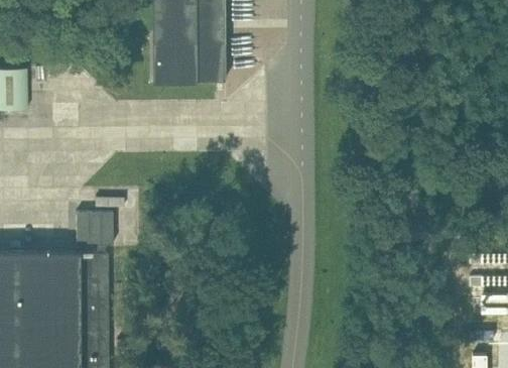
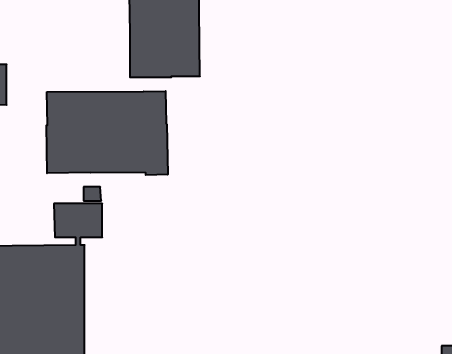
building: none -> [46,91,168,175]

